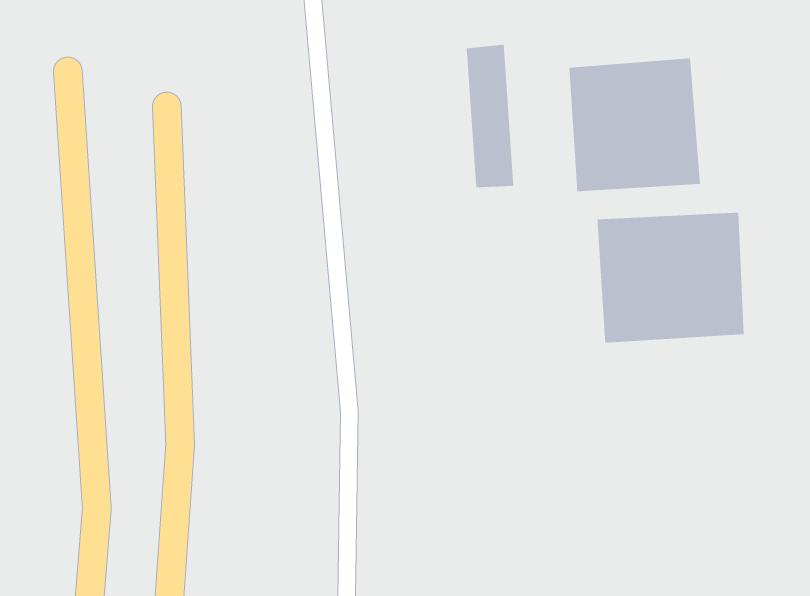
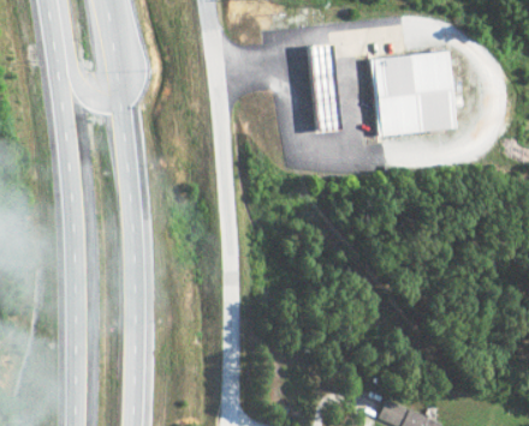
building: [597,212,744,343] -> none

